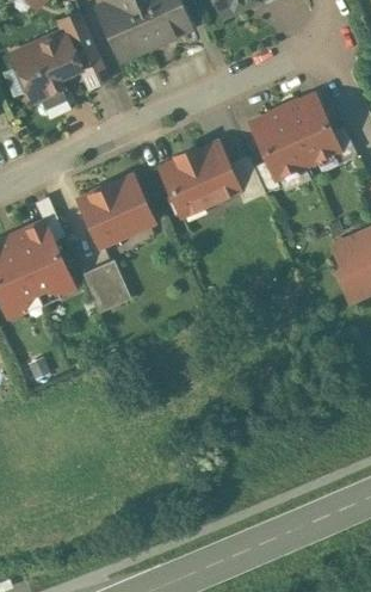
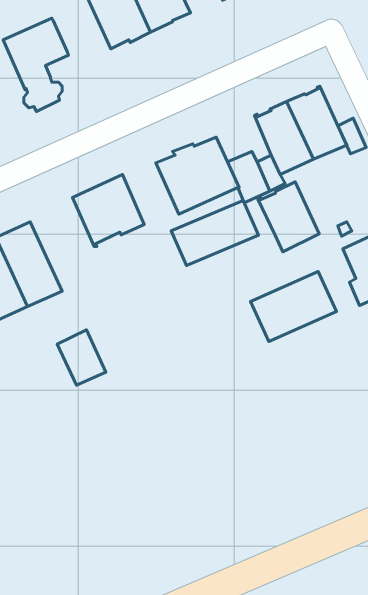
building: [63,25,98,63] -> none
building: none -> [258,182,319,252]
building: none -> [171,201,259,266]
building: [81,260,126,312] -> [57,330,106,385]
building: none -> [251,272,337,341]

